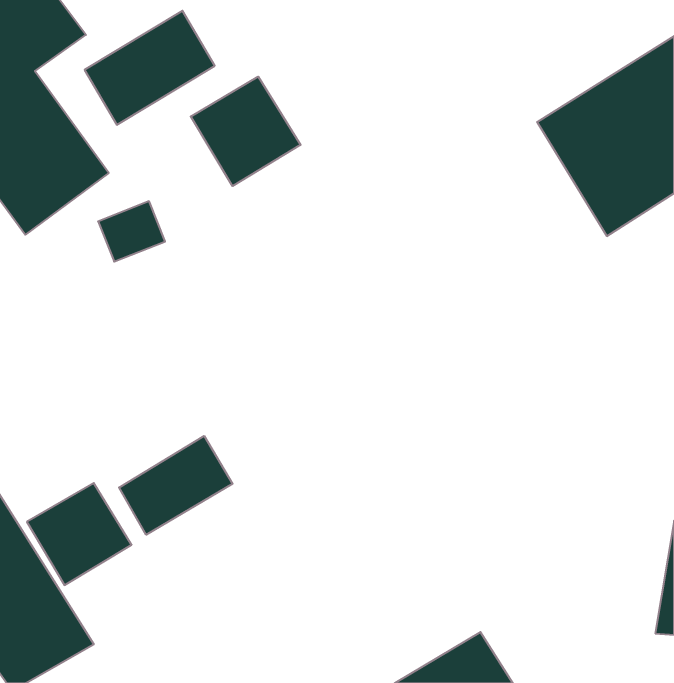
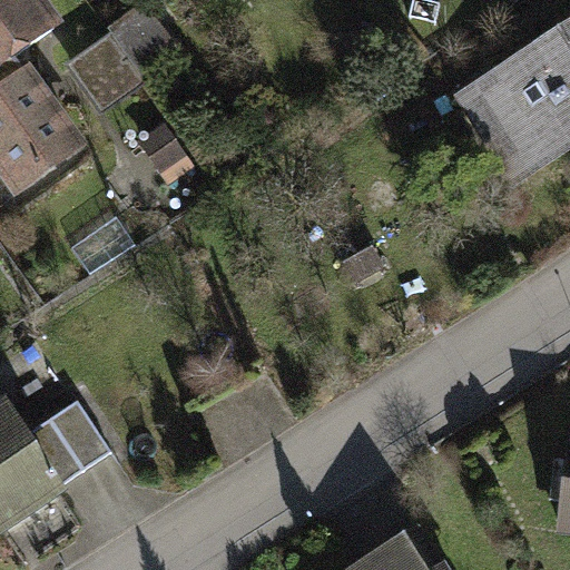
building: [191,77,301,186] -> none
building: [119,436,233,535] -> none

